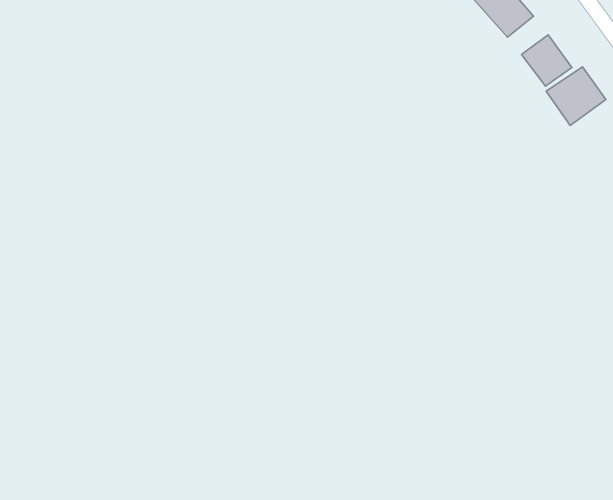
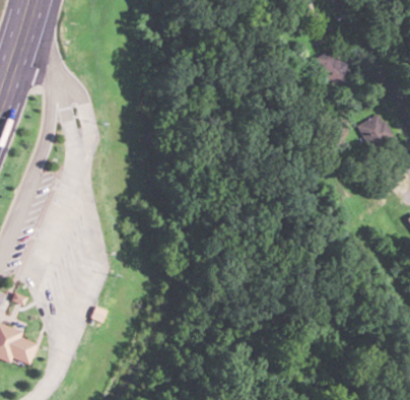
building: [522,35,572,86] -> none

